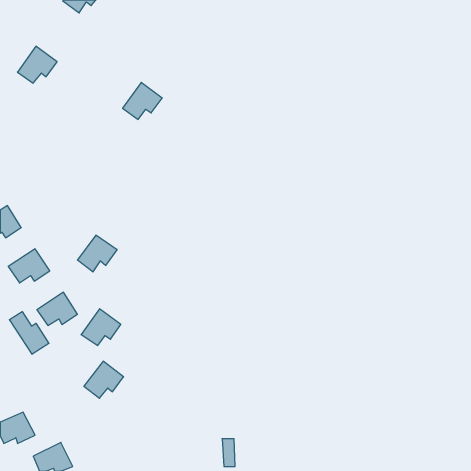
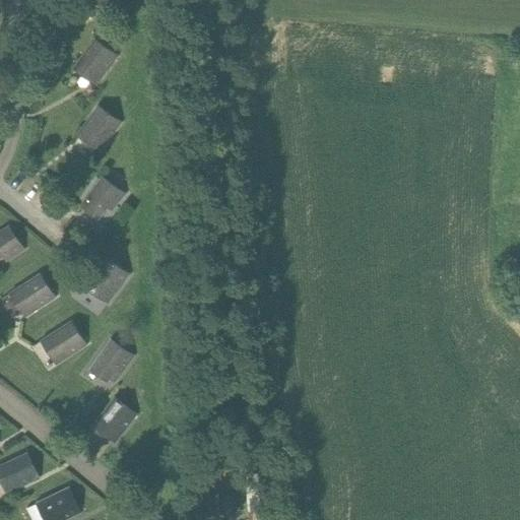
building: [17,46,57,83] -> [73,40,117,80]
building: [123,82,162,119] -> [77,107,121,147]
building: none -> [80,178,124,218]
building: [9,312,49,354] -> none

